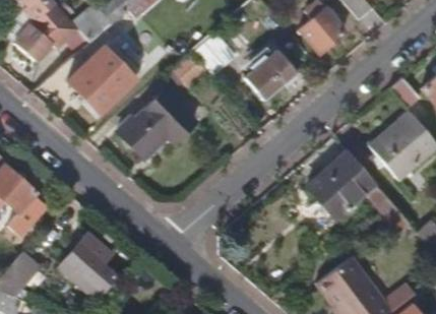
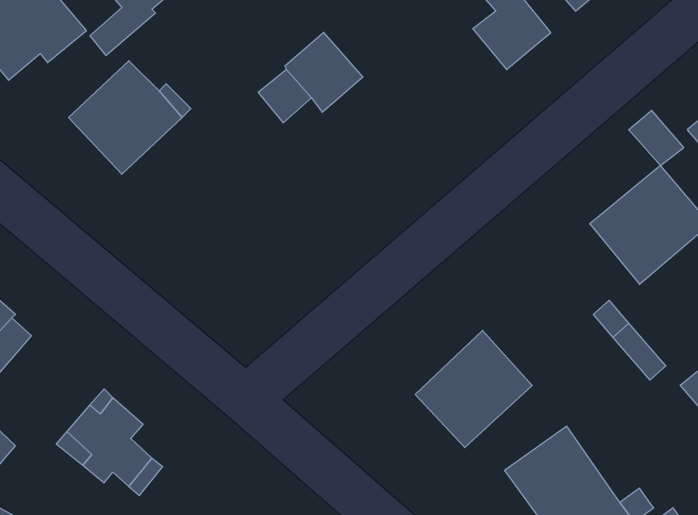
building: [245,51,296,100] -> none
building: [117,91,194,158] -> none
building: [308,150,375,217] -> [415,330,532,448]

